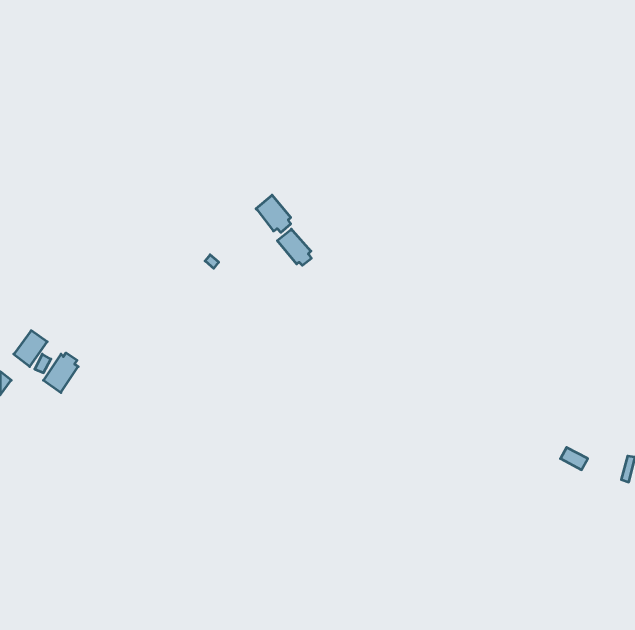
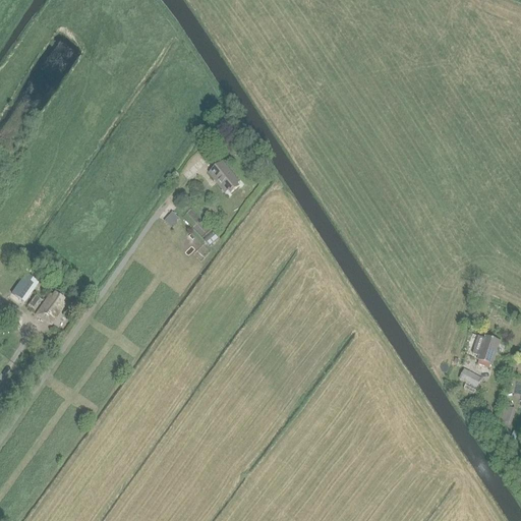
building: [277,229,311,265] -> none
building: none -> [472,333,500,361]

